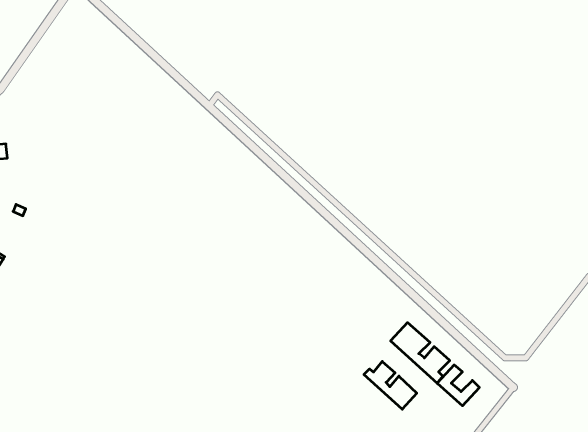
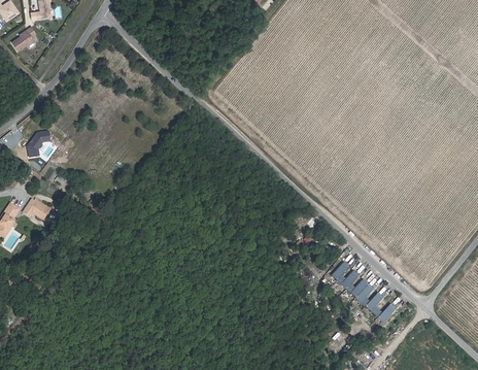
building: [364,361,417,409] -> none

